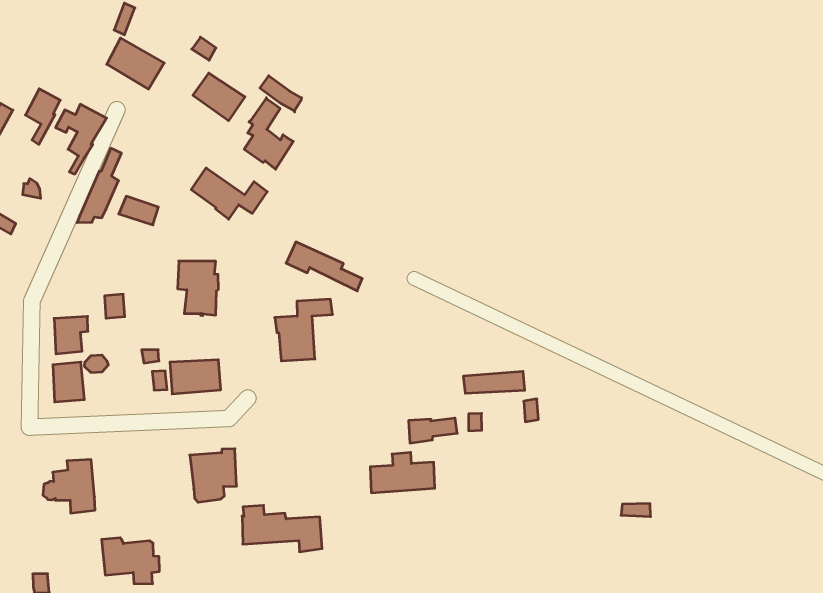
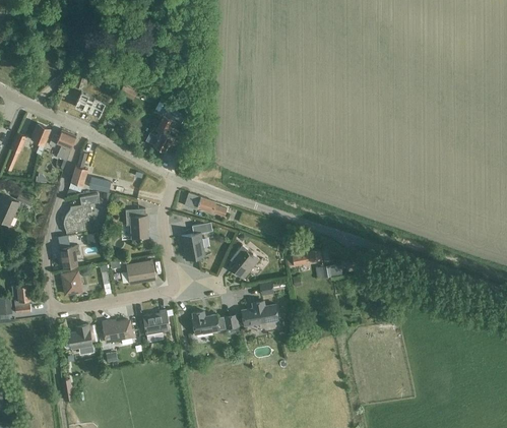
building: [193,73,245,121] -> none
building: [191,168,267,219] -> none
building: none -> [65,193,100,233]
building: none -> [231,245,259,279]
building: [242,505,322,552] -> [193,311,239,334]
building: [102,538,159,584] -> [102,319,135,344]

